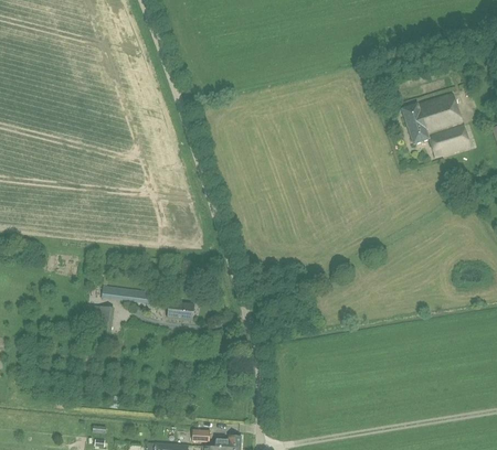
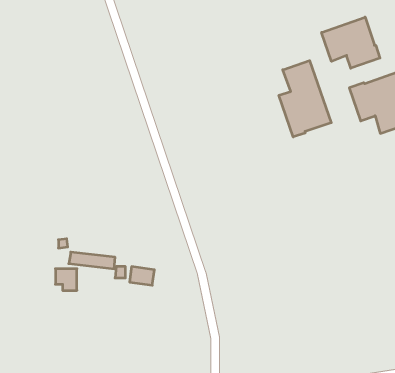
building: none -> [322,17,380,68]
building: none -> [279,61,331,137]

